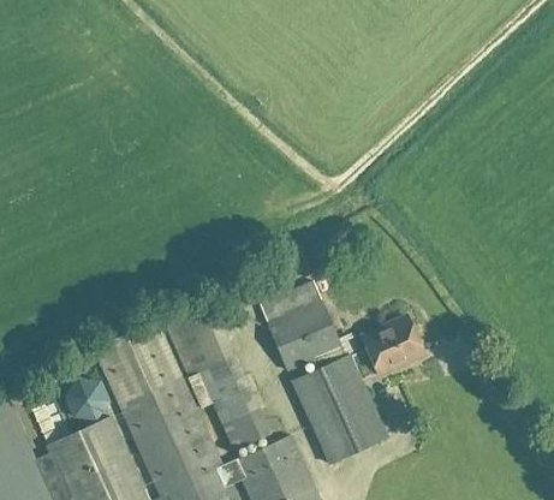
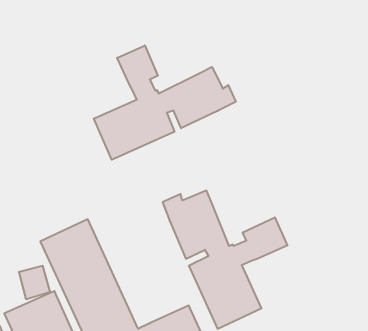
building: none -> [94,45,236,160]
building: [162,297,272,452] -> none

